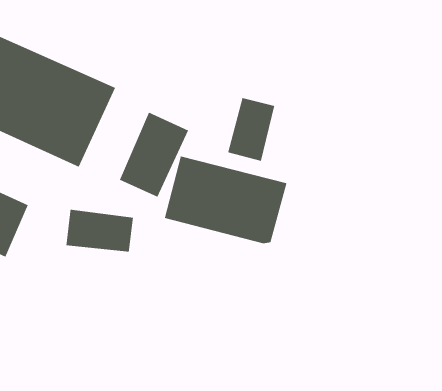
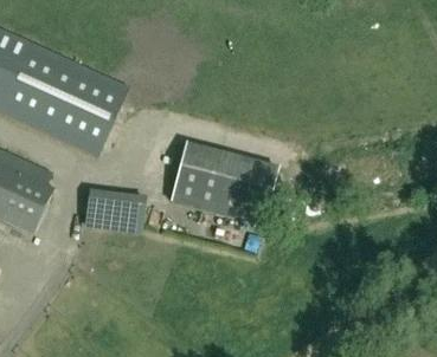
building: [227,97,275,162] -> none
building: [119,112,189,198] -> none

